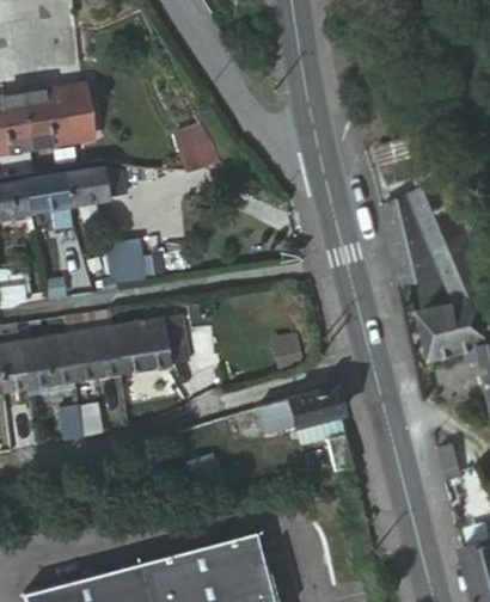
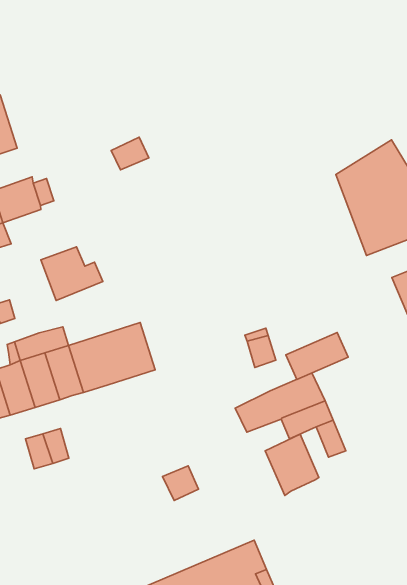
building: none -> [286,332,348,379]
building: none -> [265,434,319,495]

